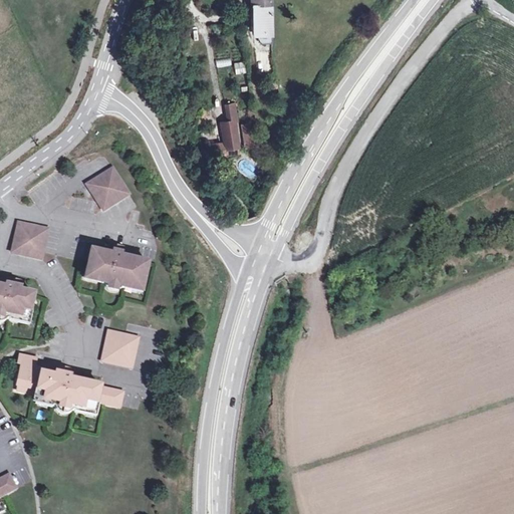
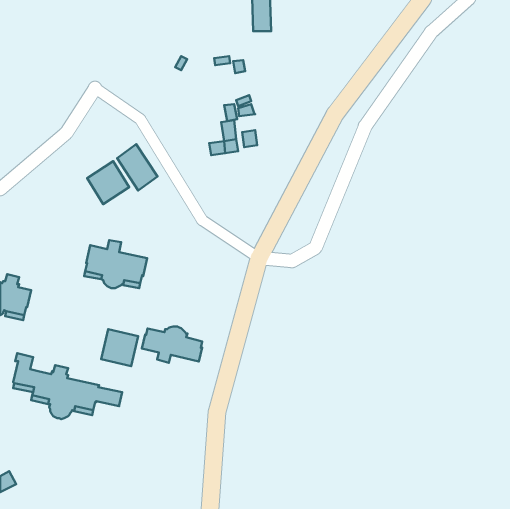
building: none -> [117,144,157,190]
building: [10,217,47,255] -> none
building: none -> [142,326,202,363]

